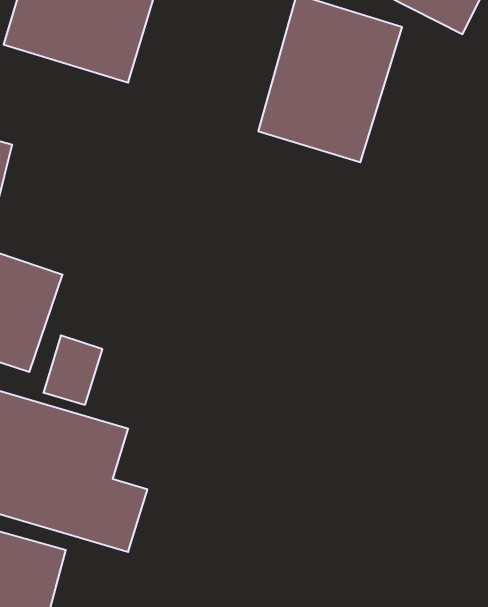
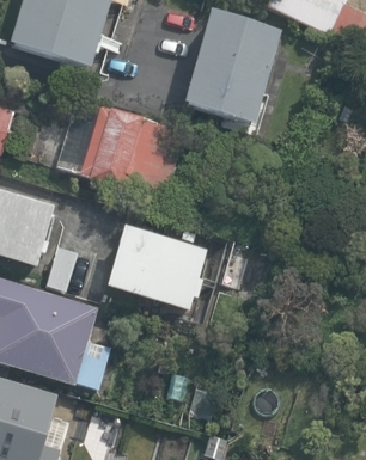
building: none -> [59,98,182,198]
building: none -> [87,215,207,312]

